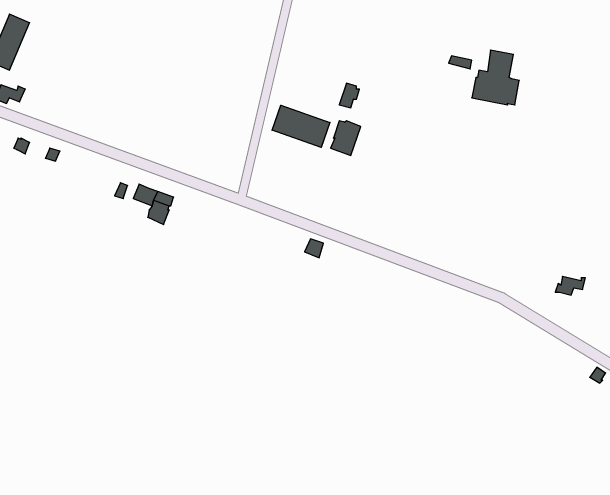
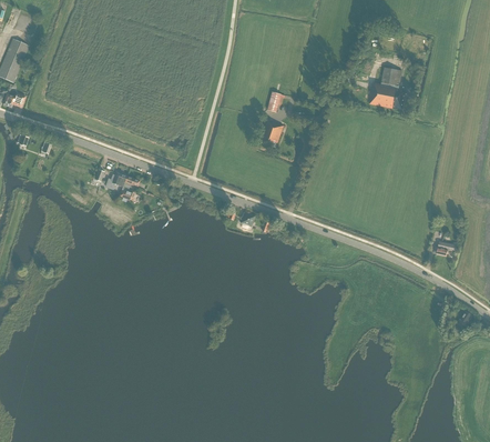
building: [272,105,330,147] -> none

